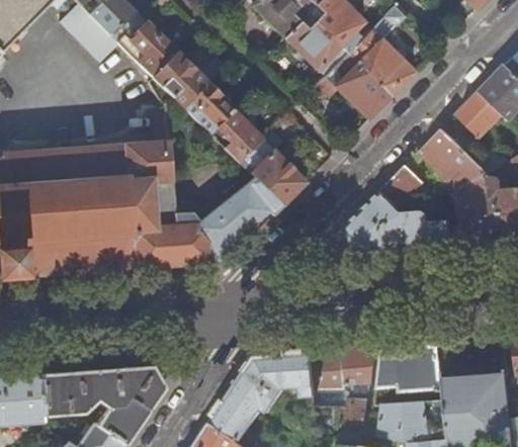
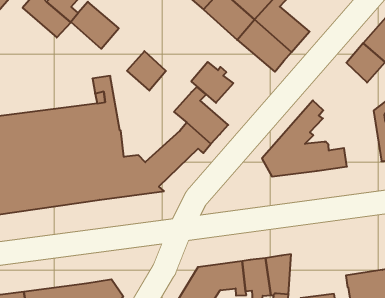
building: [153,54,206,107] -> none
building: [209,110,262,162] -> [191,62,233,103]
building: [419,128,494,242] -> none
building: [377,344,442,393] -> none

